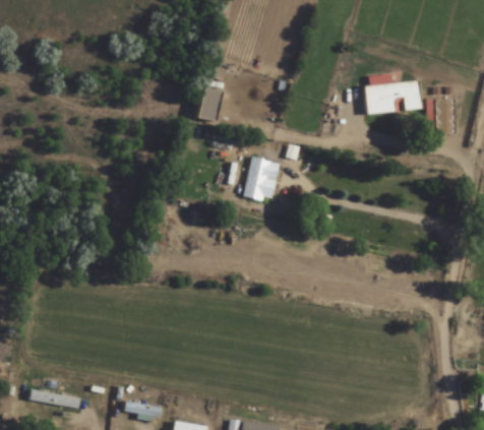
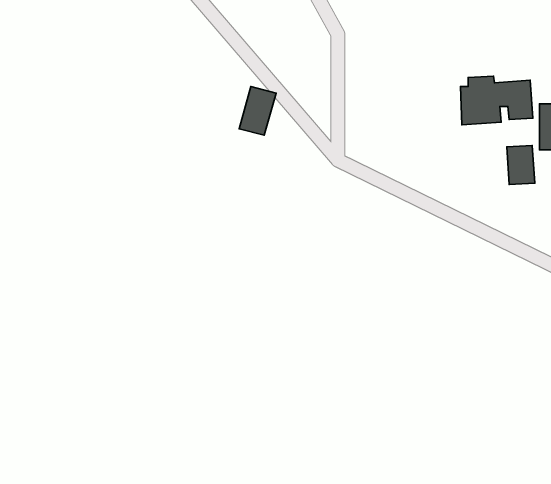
building: none -> [507,145,535,184]
building: [244,158,279,200] -> none

